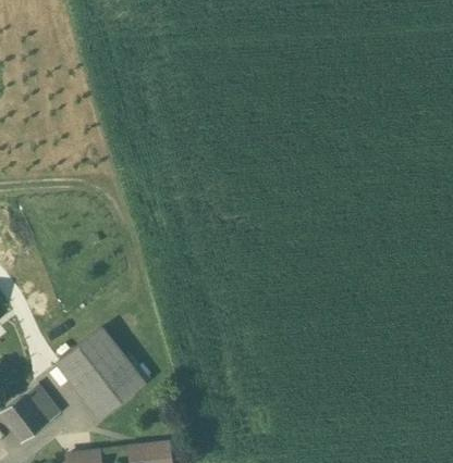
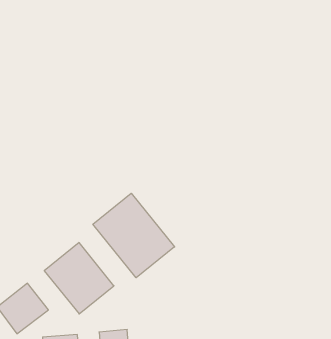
building: none -> [93,193,175,278]

